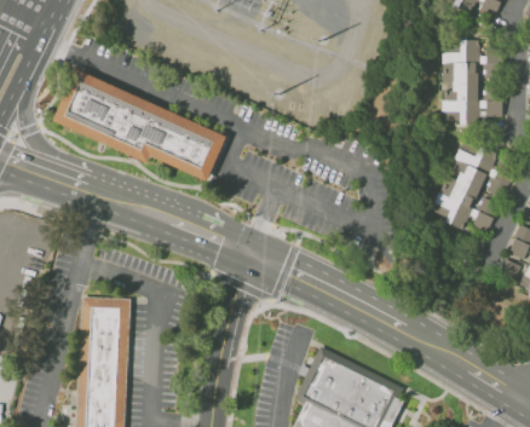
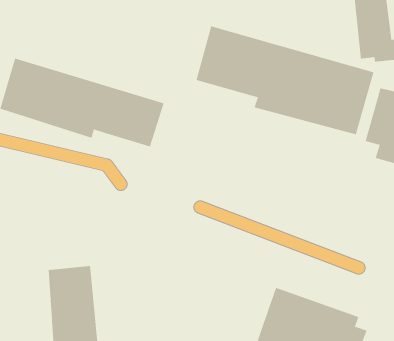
building: none -> [196,26,374,135]

